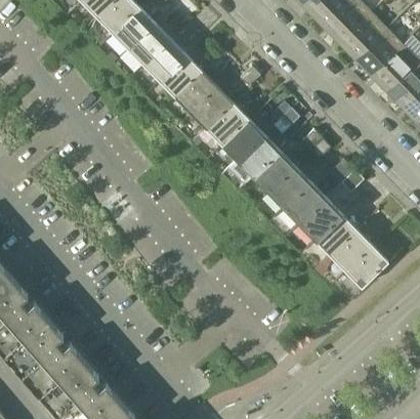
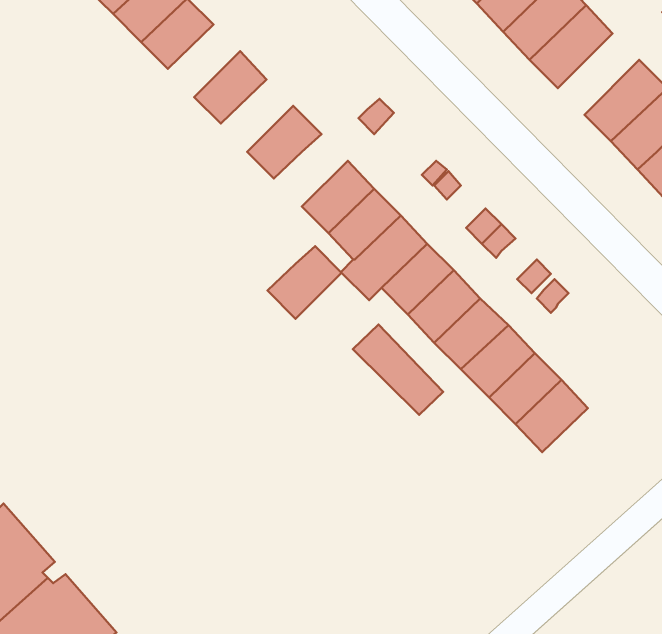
building: [129,24,171,66] -> none
building: [355,29,403,76] -> none
building: [160,55,202,97] -> none
building: [191,87,234,129] -> [267,246,341,319]
building: none -> [353,324,443,415]
building: [346,246,388,288] -> none

